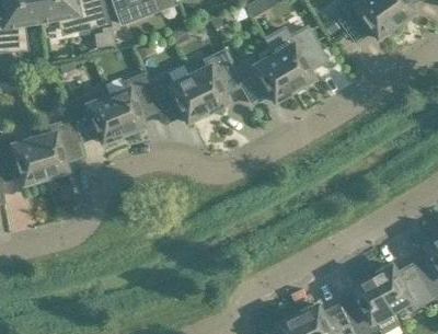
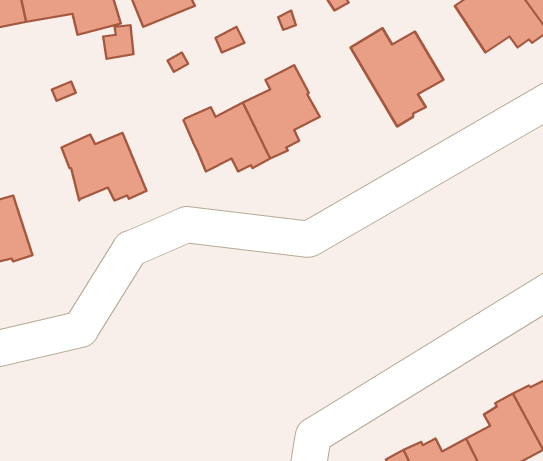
building: [233,55,295,103] -> none
building: [107,74,159,136] -> none
building: [33,120,83,180] -> none

